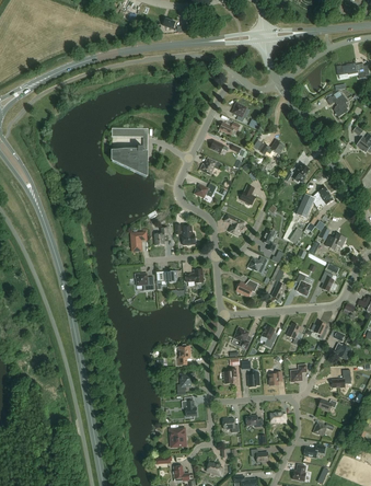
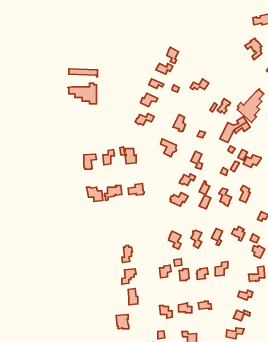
building: none -> [237,89,264,123]

